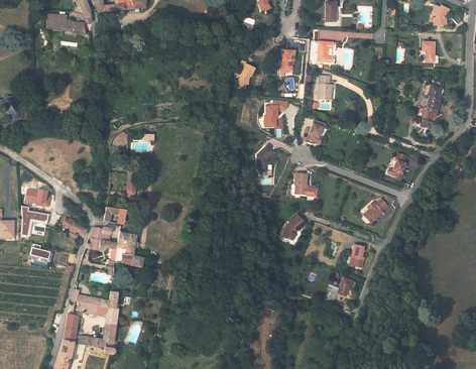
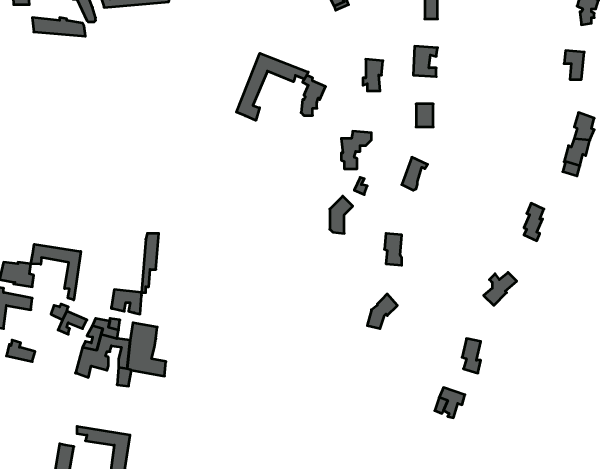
building: none -> [236,53,308,120]
building: none -> [31,244,81,300]
building: [72,290,119,311] -> none

